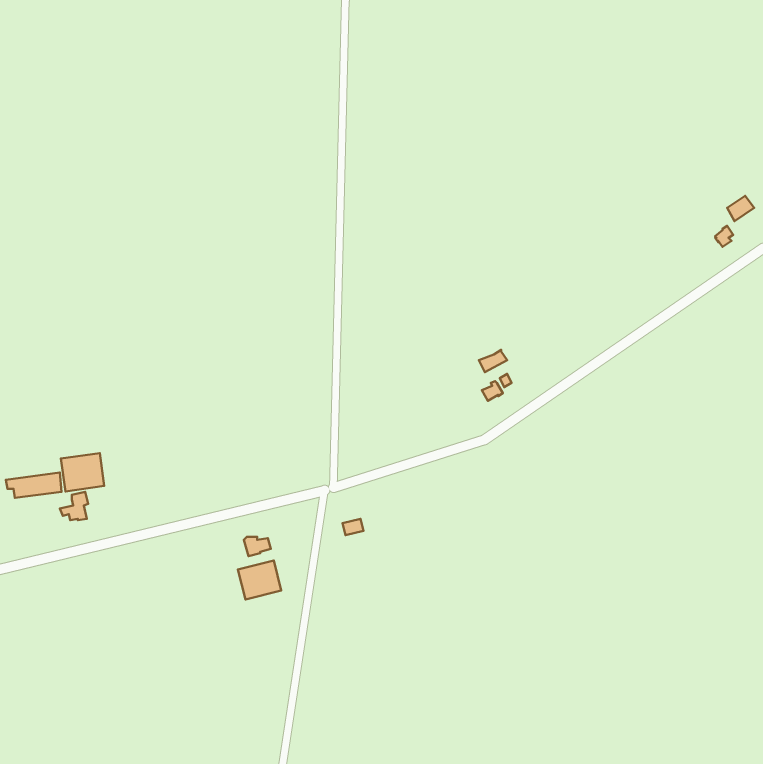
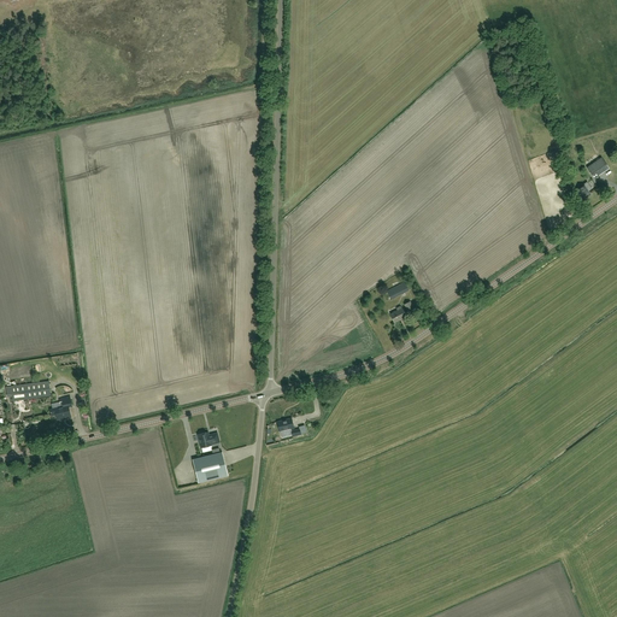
building: [61,453,104,491] -> none

